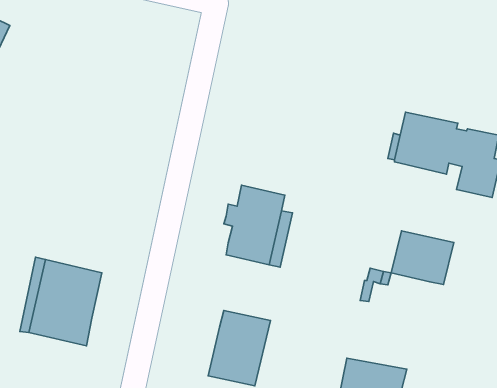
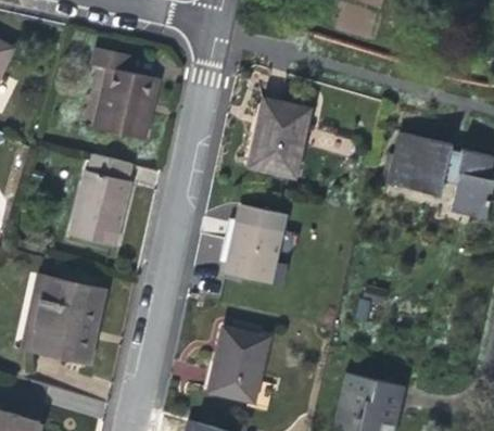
building: none -> [91,49,157,139]
building: none -> [249,100,308,178]
building: none -> [71,155,131,246]
building: [391,231,454,284] -> none

